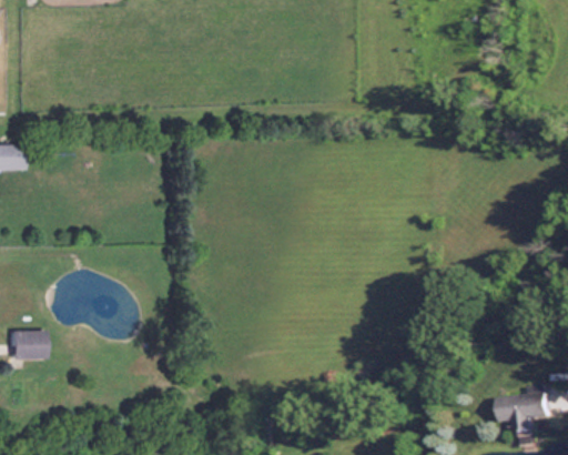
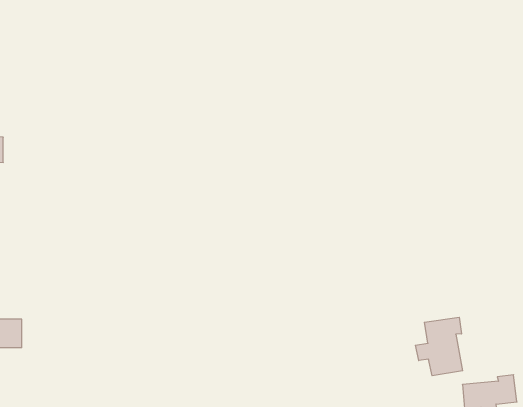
building: none -> [415,317,463,376]

